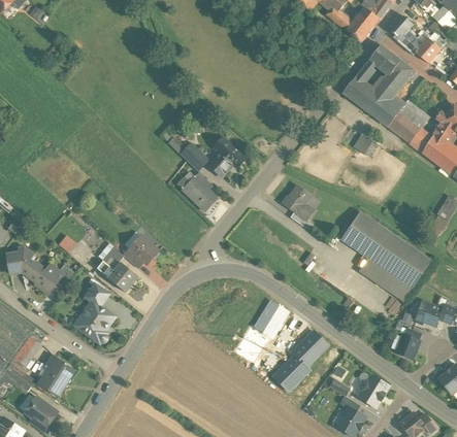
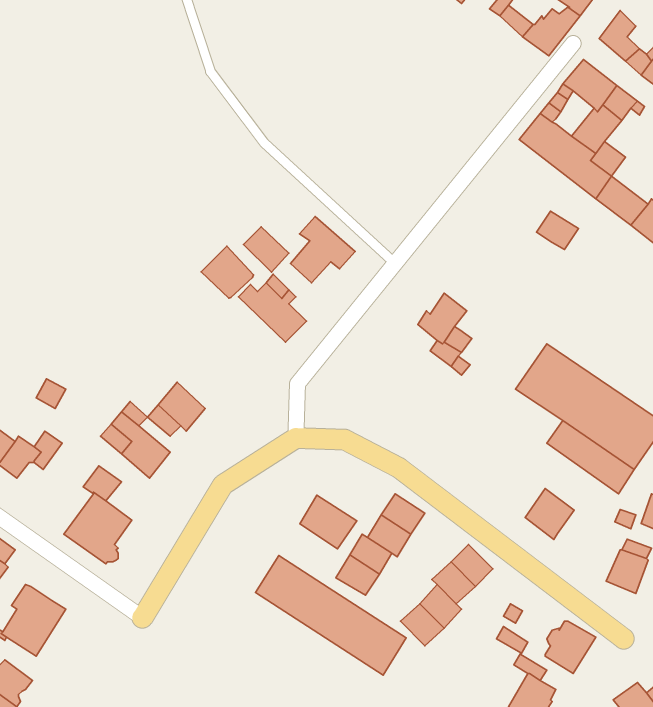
building: none -> [201,246,254,298]
building: none -> [525,488,574,539]
building: none -> [300,495,357,549]
building: none -> [256,555,406,675]

